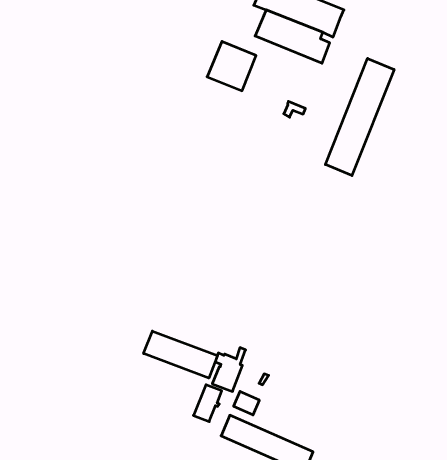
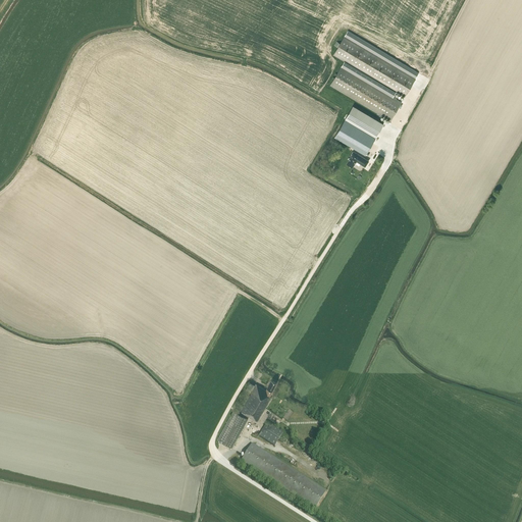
building: [207,41,256,91] -> [334,104,384,154]
building: [325,58,394,176] -> none
building: [144,331,217,378] -> none

